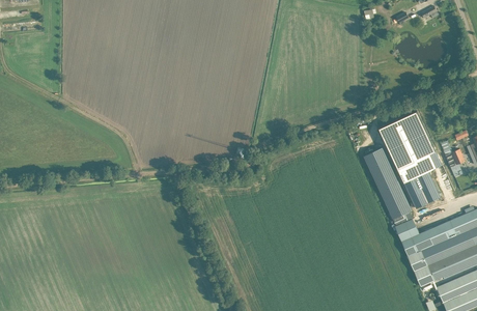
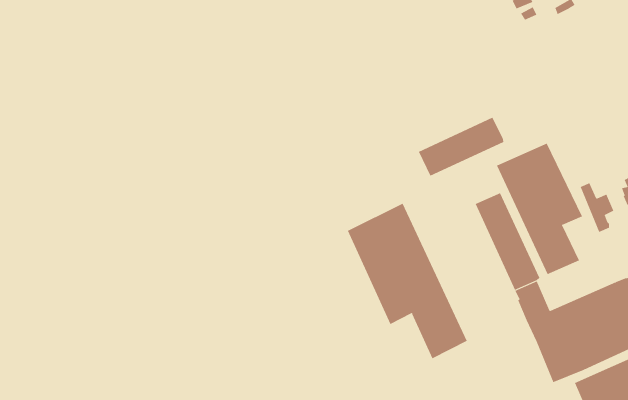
building: none -> [418,117,504,176]
building: none -> [347,203,467,359]

